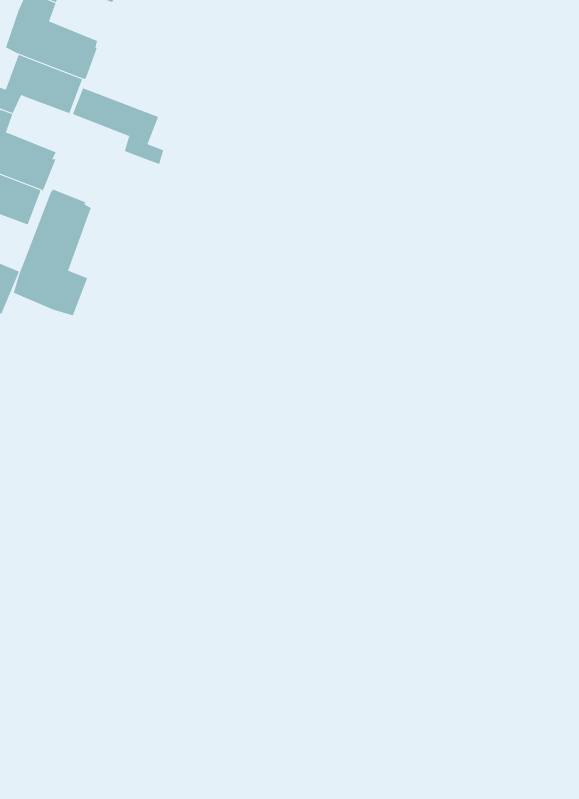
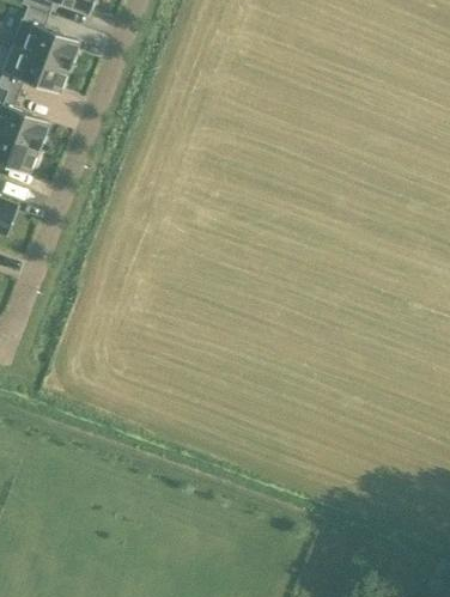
building: [72,87,164,165] -> none
building: [13,189,91,316] -> none

